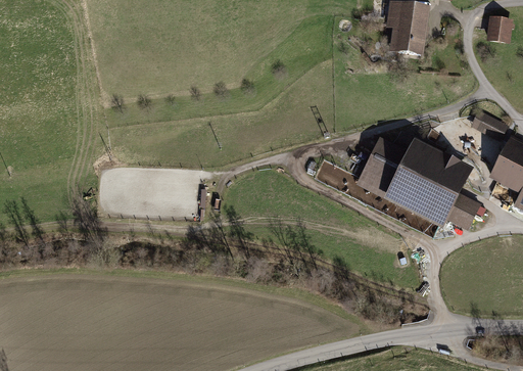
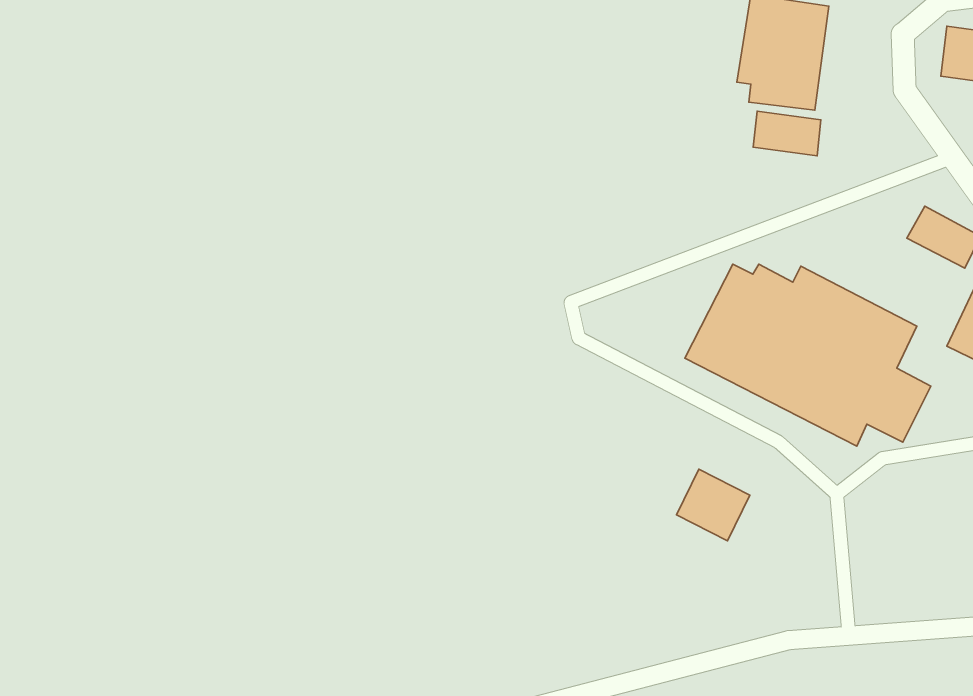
building: none -> [753,111,821,156]
building: none -> [676,469,750,541]

